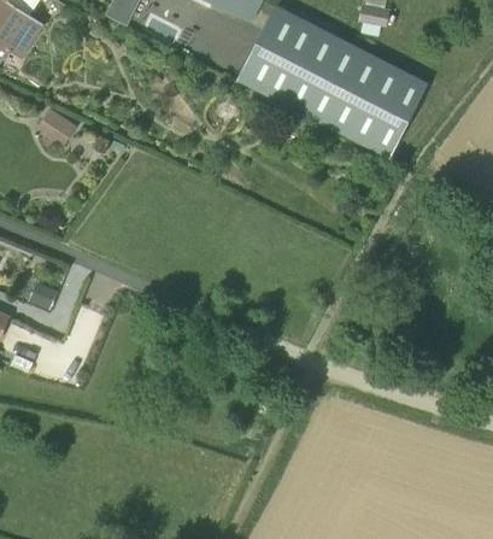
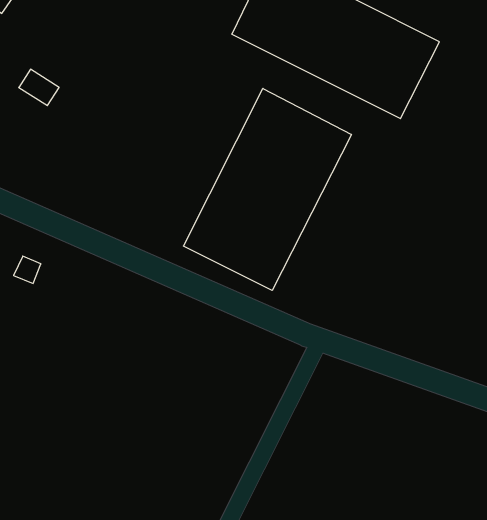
building: none -> [183,88,351,290]

